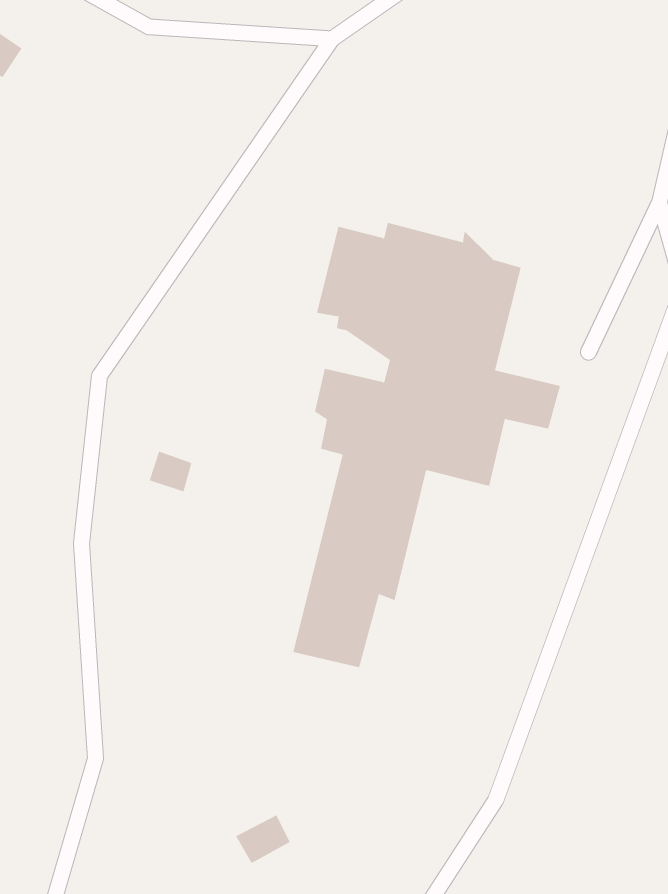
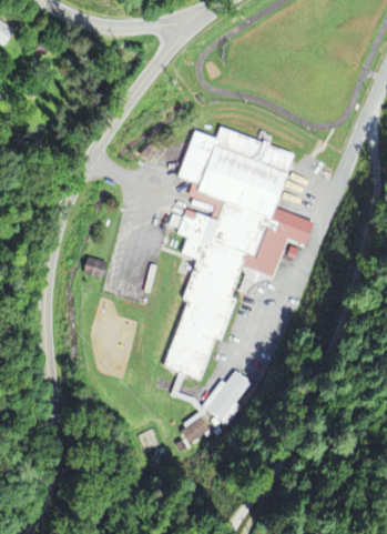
building: none -> [202,367,252,426]
building: [235,814,291,864] -> [181,416,212,444]

